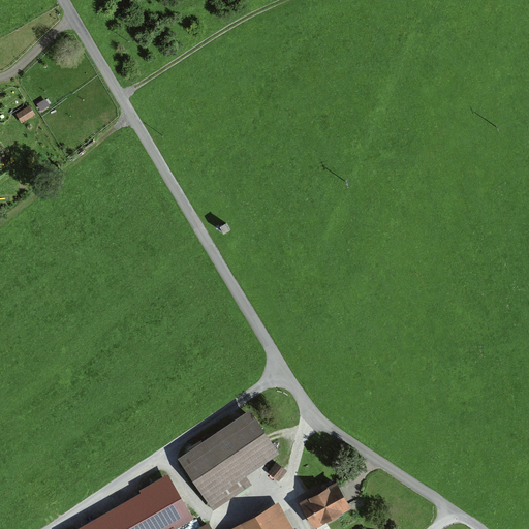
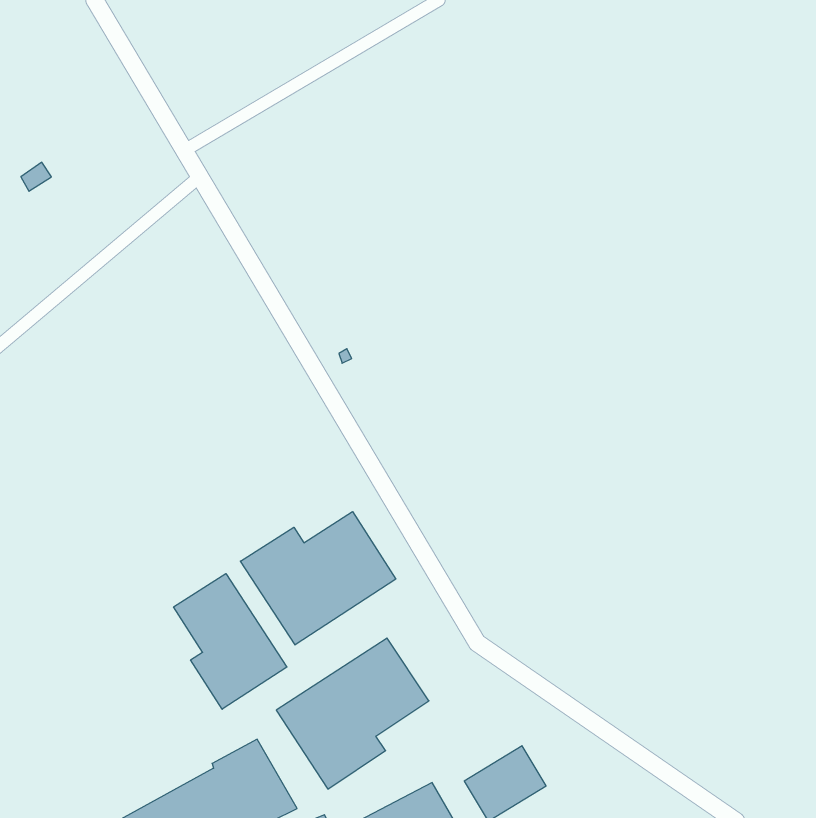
building: none -> [240,512,396,645]
building: none -> [174,574,287,709]

